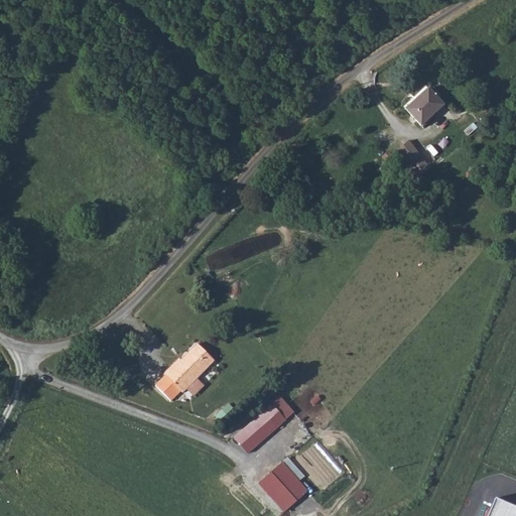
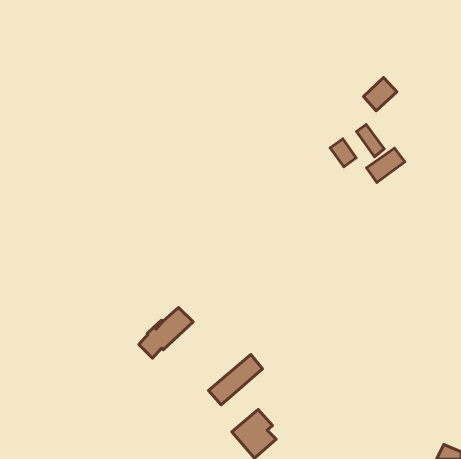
building: none -> [330,139,356,167]
building: none -> [367,148,405,182]

